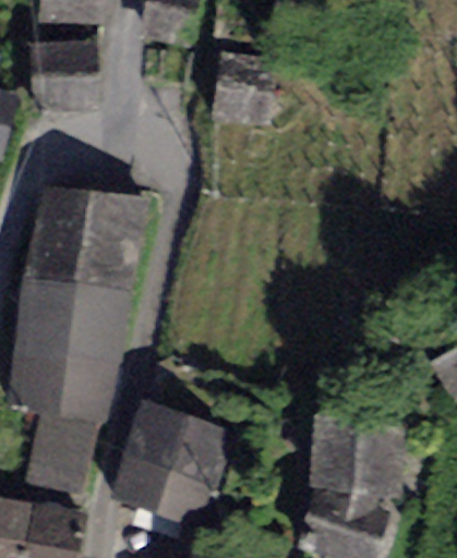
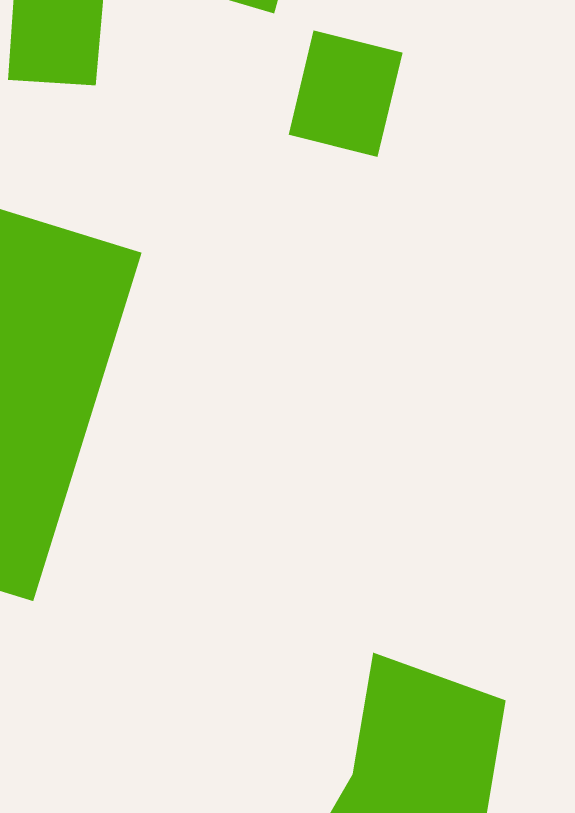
building: [112,401,227,524] -> none

